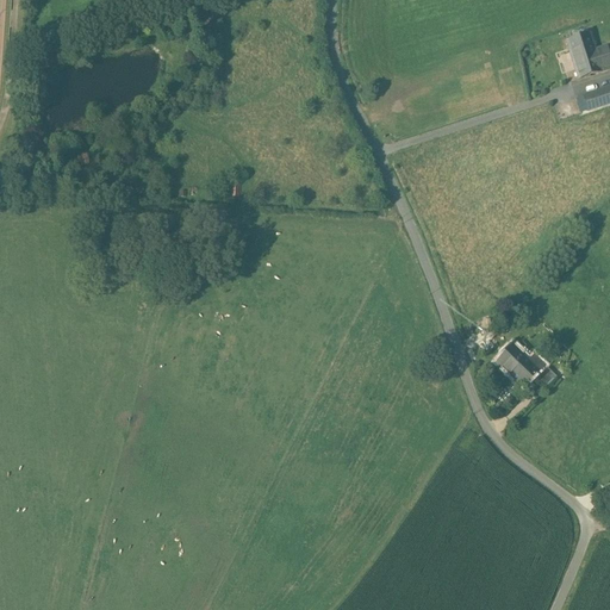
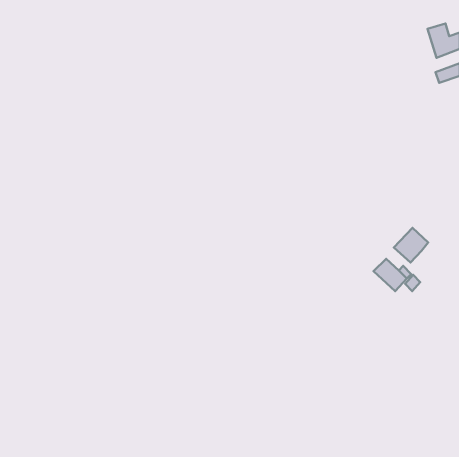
building: none -> [394,228,428,262]

